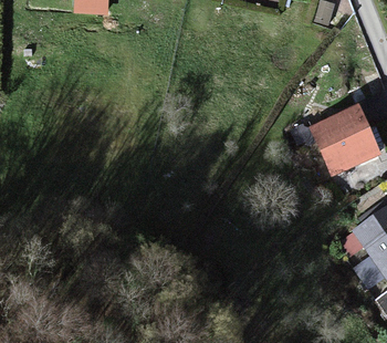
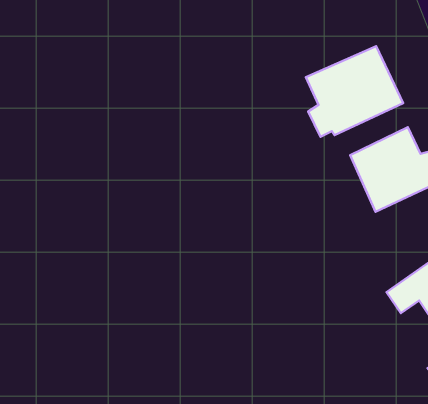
building: none -> [306,46,403,137]

